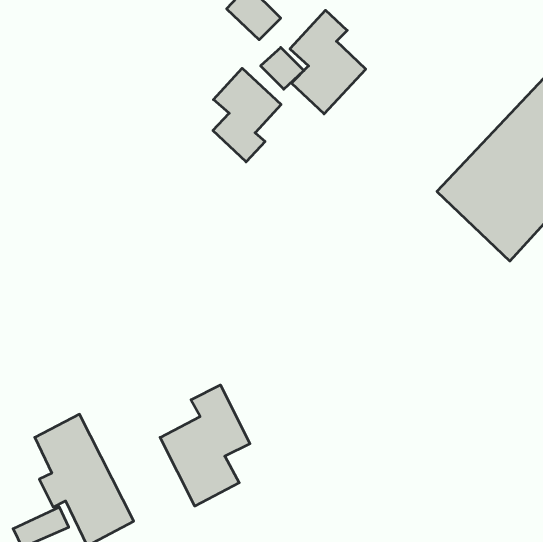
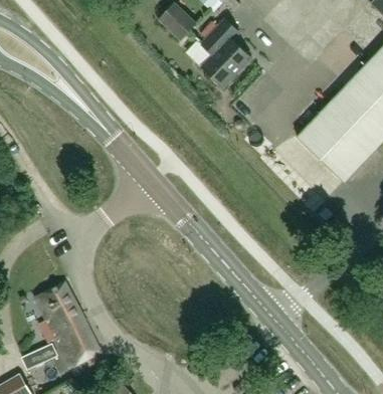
building: [213,68,281,162] -> none
building: [160,385,250,506] -> none

